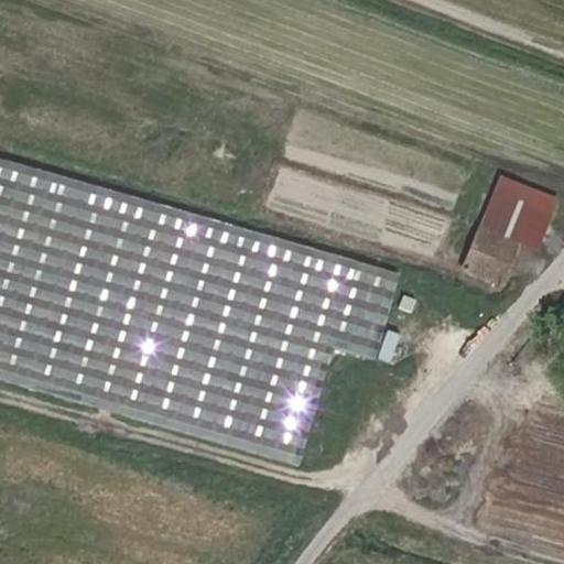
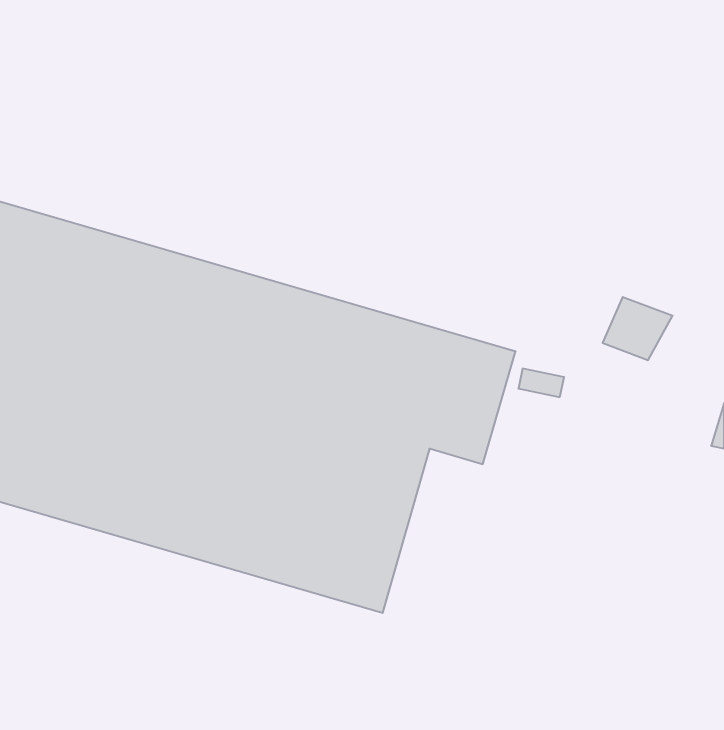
building: [480,189,552,249] -> none

